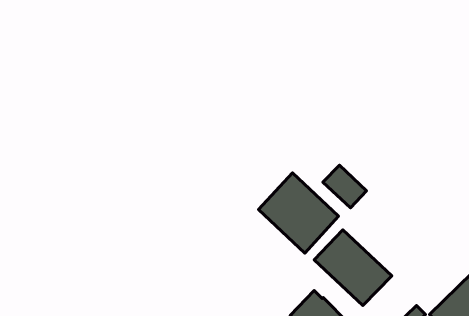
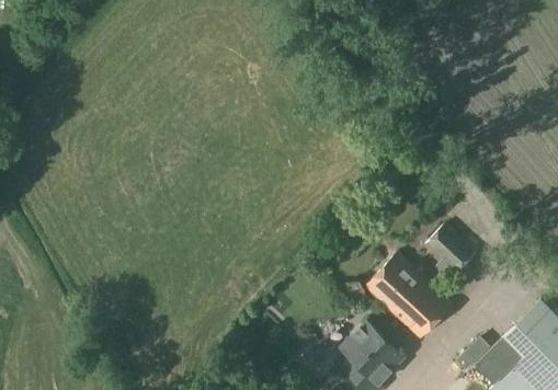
building: [323,165,366,208] -> [428,227,476,274]
building: [259,173,339,253] -> none

